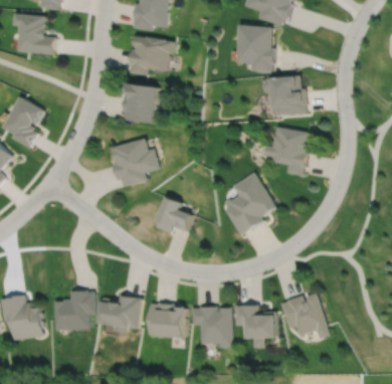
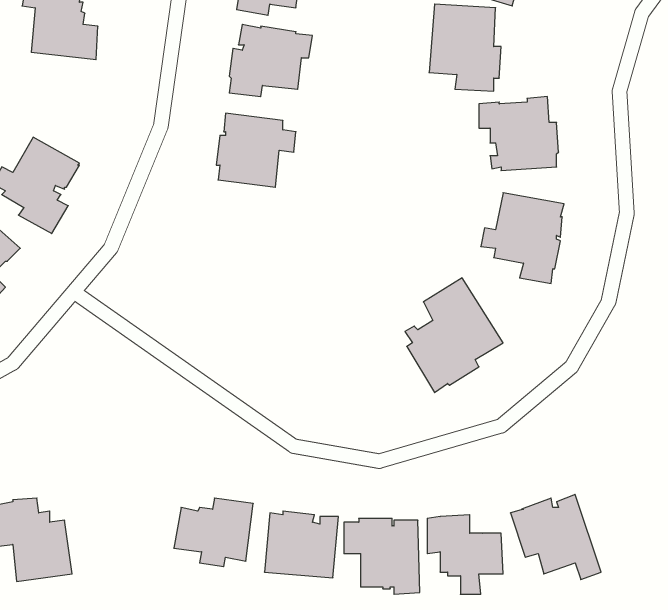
building: [110,140,159,187] -> none
building: [155,198,193,234] -> none
building: [53,289,94,329] -> none

